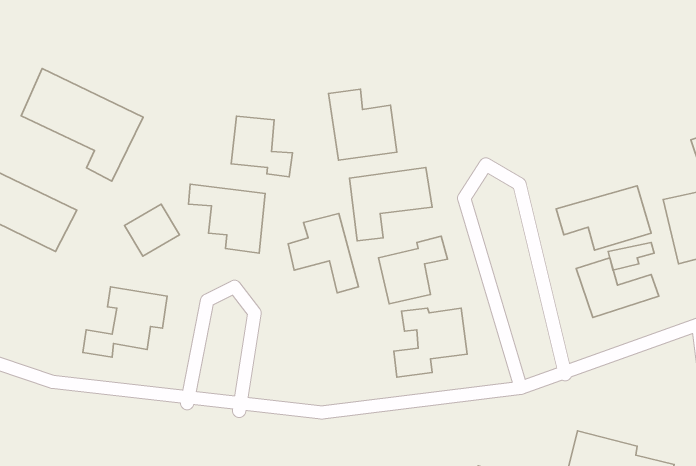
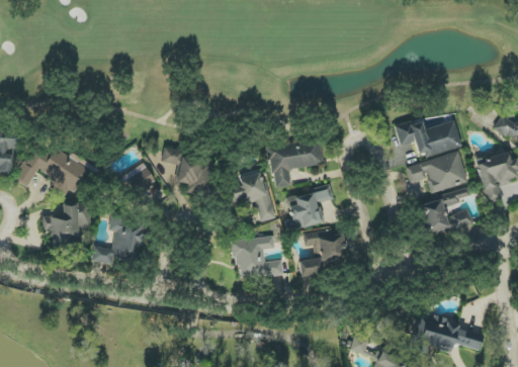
building: [21,69,143,181] -> none
building: [328,89,397,160] -> none
building: [231,116,292,177] -> none
building: none -> [395,118,462,158]
building: none -> [42,202,90,248]
building: none -> [235,236,284,279]

